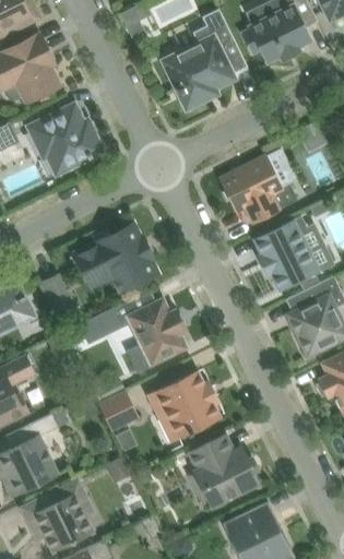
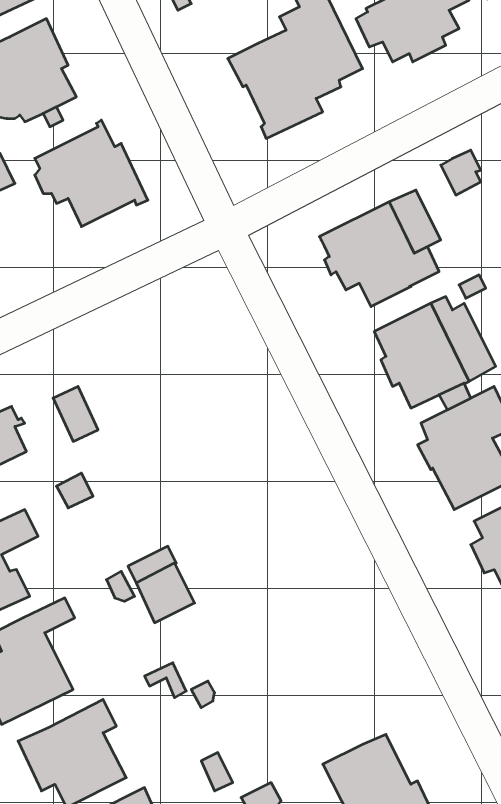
building: [75,226,156,293] -> none
building: [78,293,186,371] -> none
building: [155,372,220,438] -> none
building: [187,436,258,504] -> none

